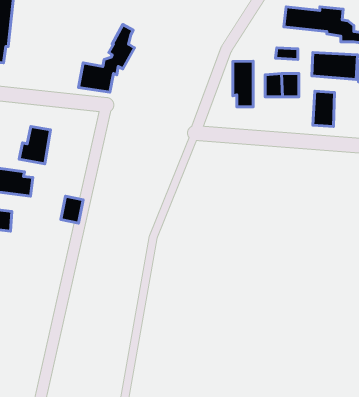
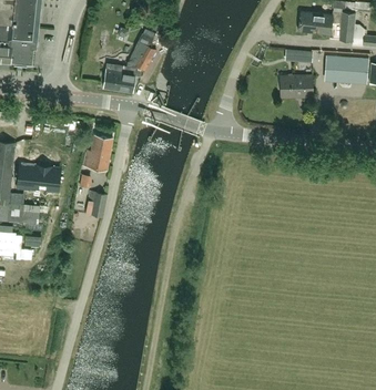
building: [233,61,253,107] -> none
building: [313,91,334,126] -> none
building: [19,126,51,164] -> [82,135,112,171]

